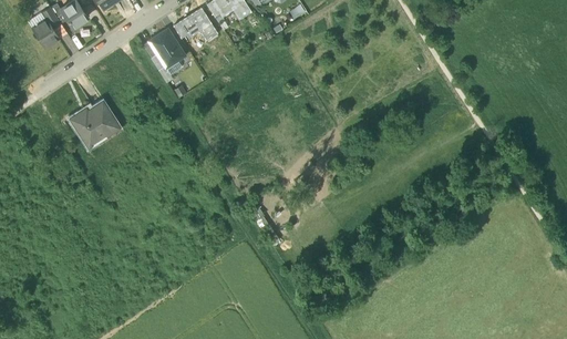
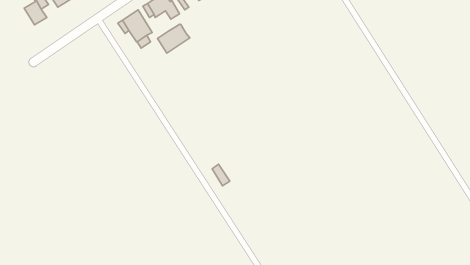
building: none -> [157,24,190,53]
building: [71,101,120,145] -> none

